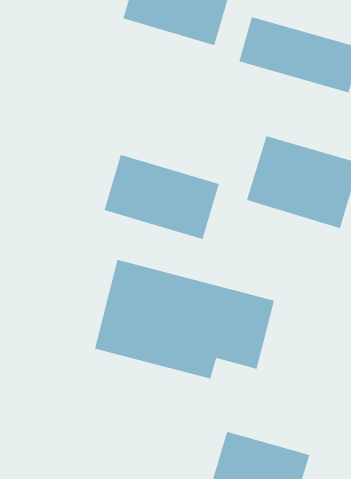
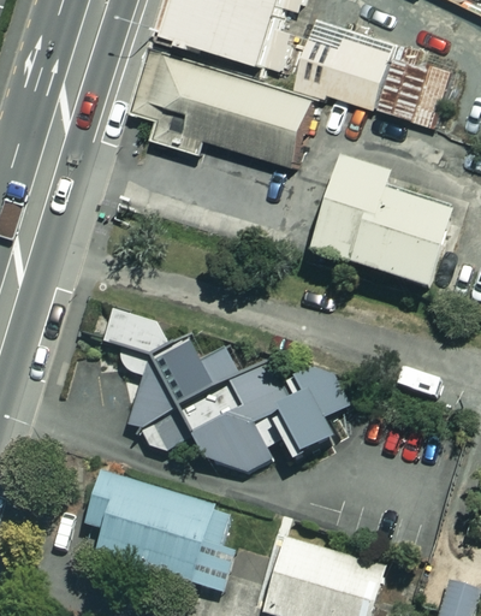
building: none -> [126,49,311,165]
building: [104,154,220,240] -> none
building: none -> [84,473,230,590]

